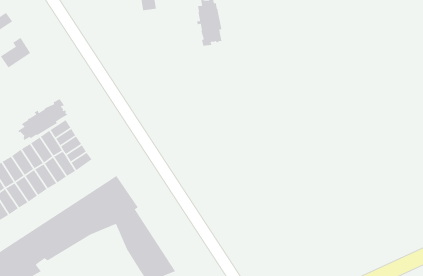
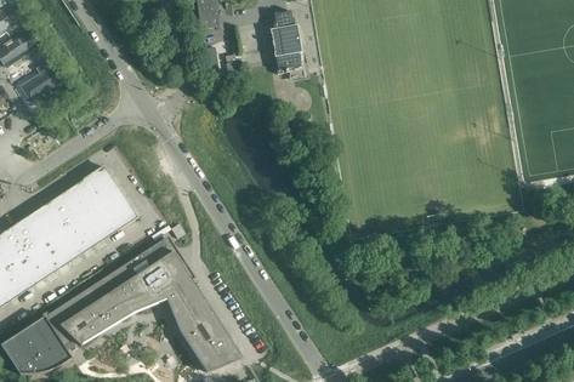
building: [17,98,69,141] -> none

